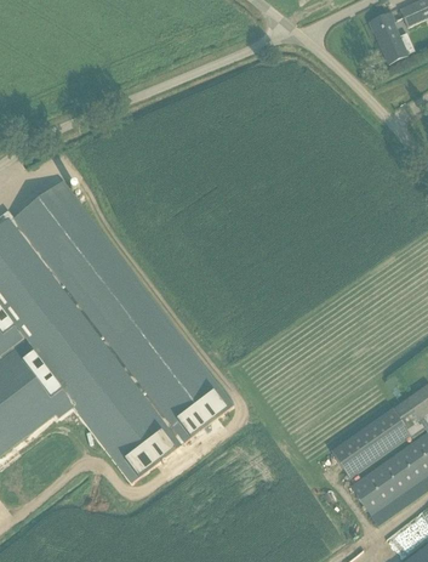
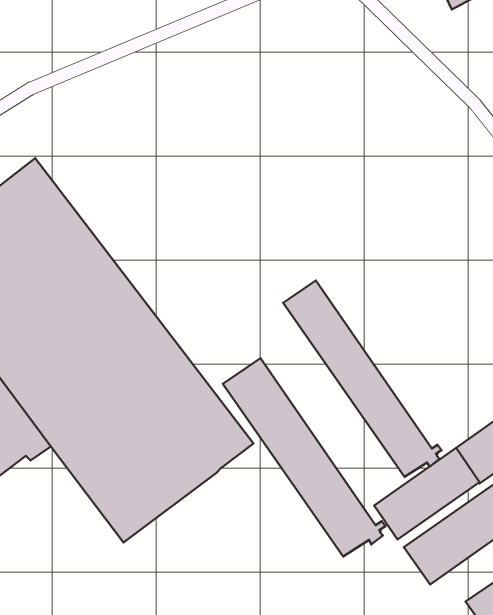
building: none -> [283,280,441,477]
building: none -> [223,358,386,557]

